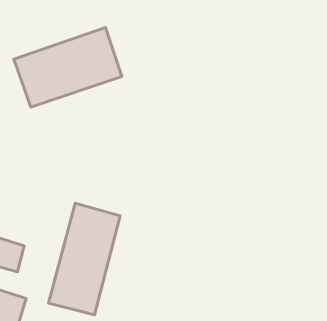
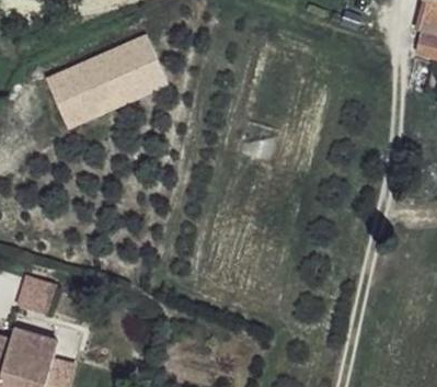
building: [49,203,120,315] -> none

